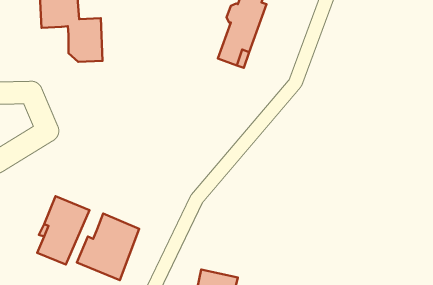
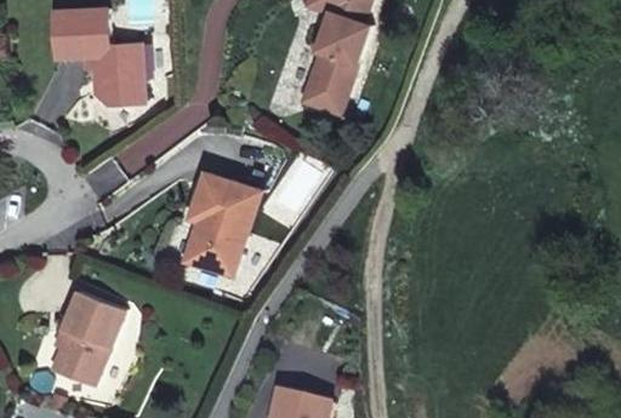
building: none -> [171,171,247,275]
building: [77,214,139,280] -> none

